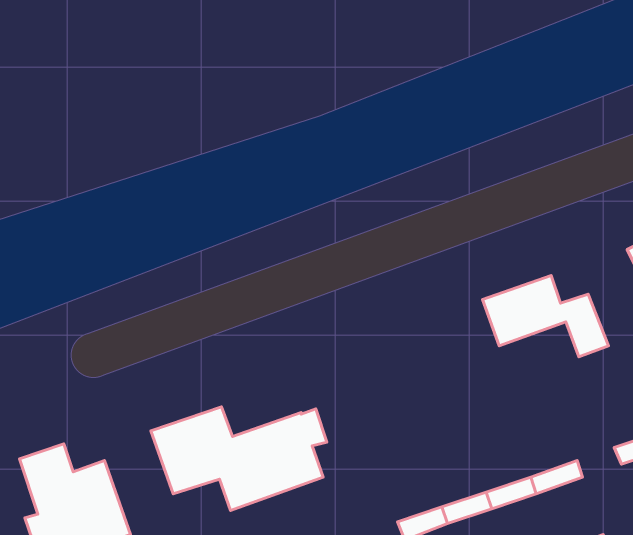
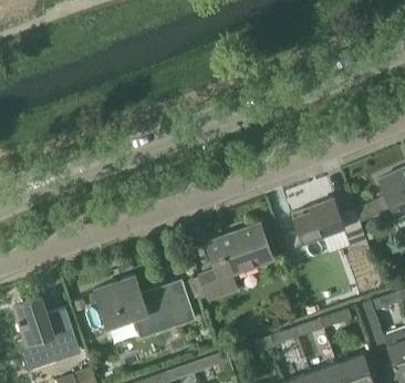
building: none -> [199,224,272,299]

